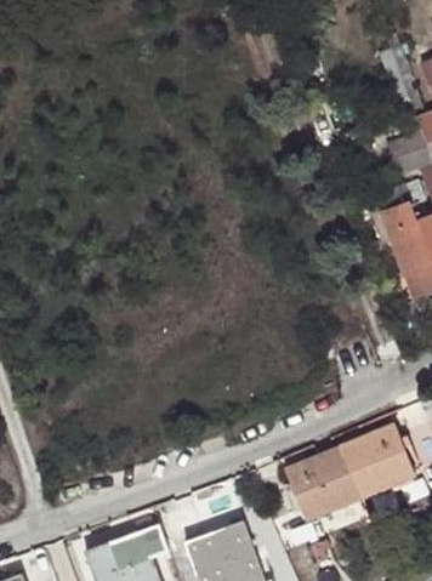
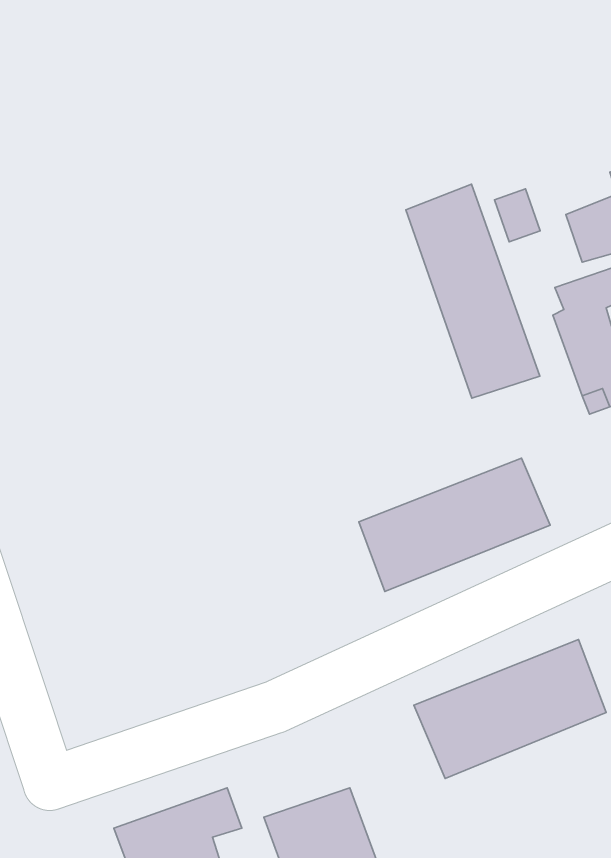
building: none -> [406,184,540,398]
building: none -> [359,458,550,591]

